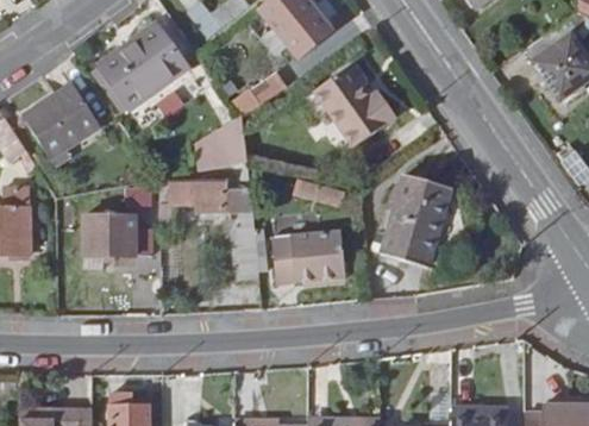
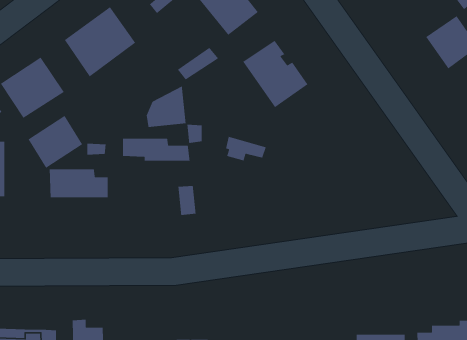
building: none -> [28,115,83,169]
building: [380,174,452,267] -> none
building: [271,230,347,284] -> none

